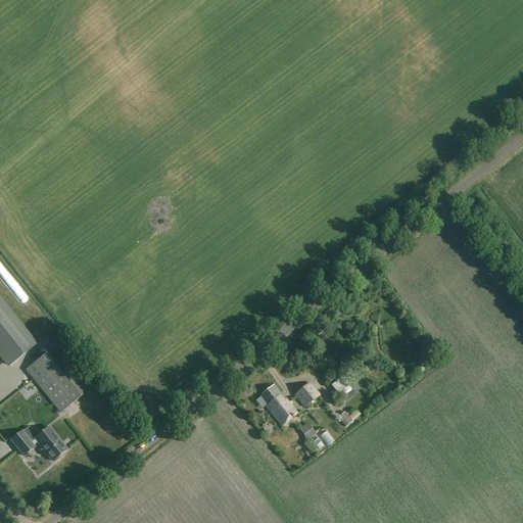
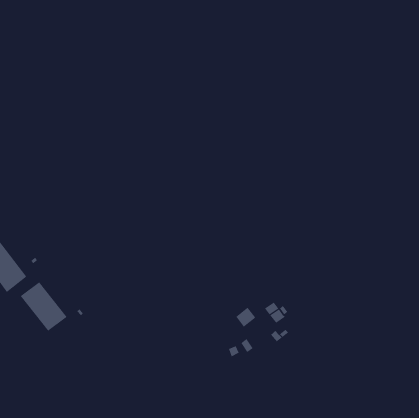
building: [259,382,296,424] -> none
building: [8,424,66,460] -> none

